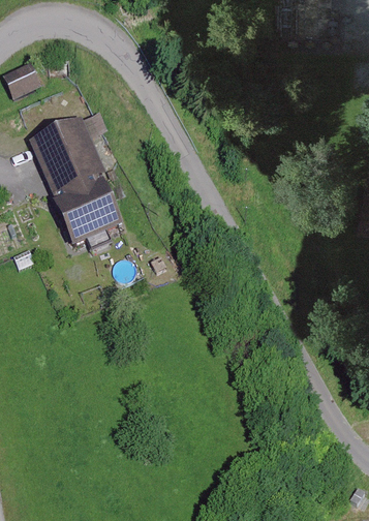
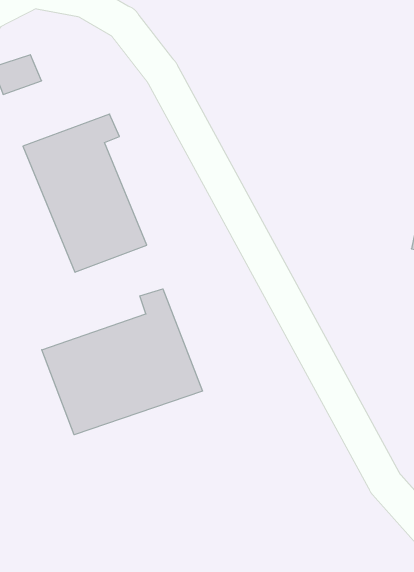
building: none -> [42,289,202,435]

